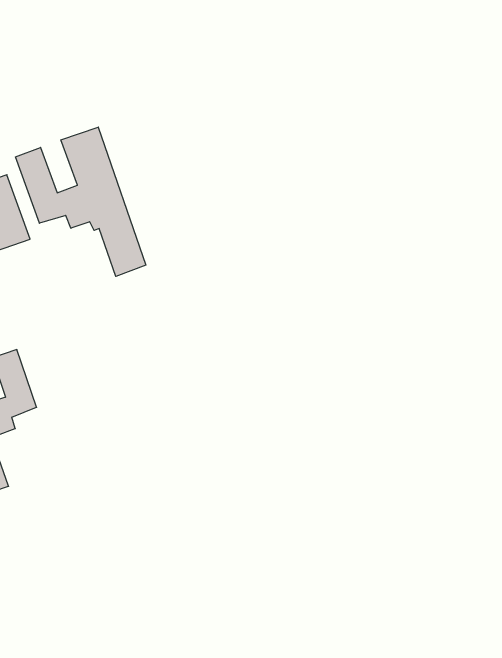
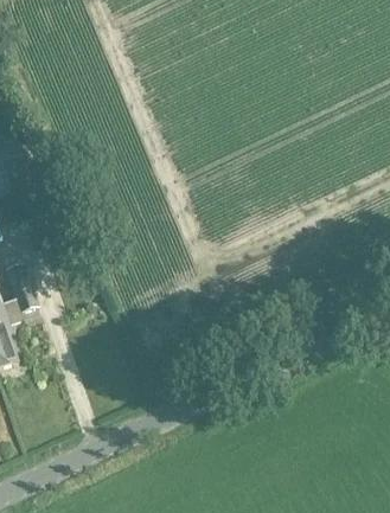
building: [15,127,146,276] -> none

